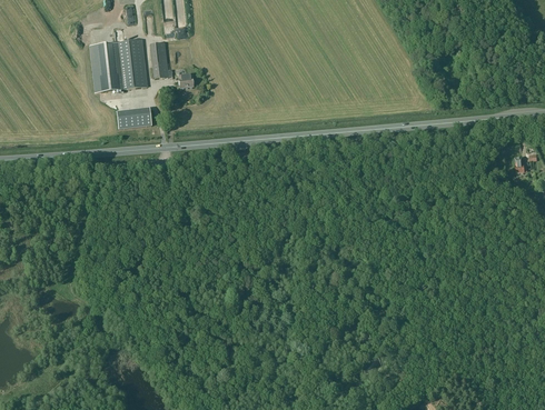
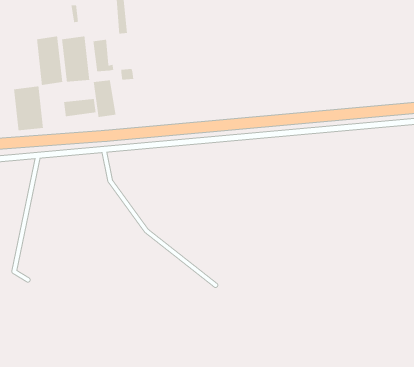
building: none -> [93,79,116,118]
building: none -> [13,85,44,131]

